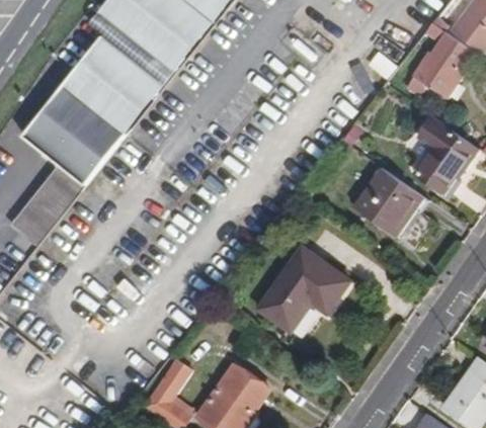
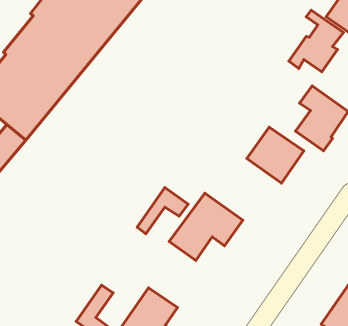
building: none -> [137,188,188,234]

